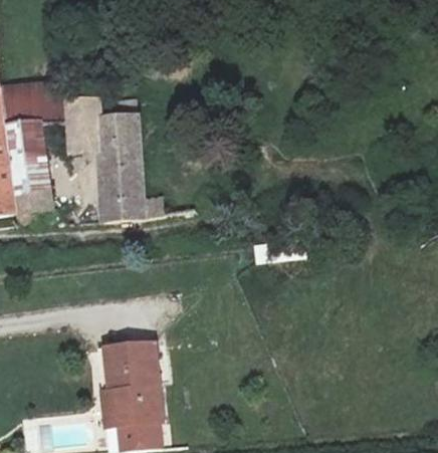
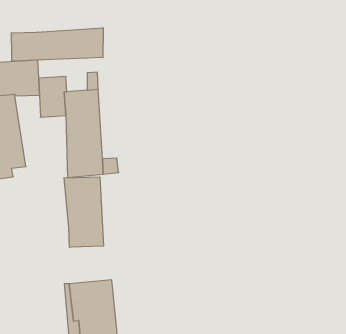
building: none -> [11,28,103,61]
building: none -> [64,177,103,247]

